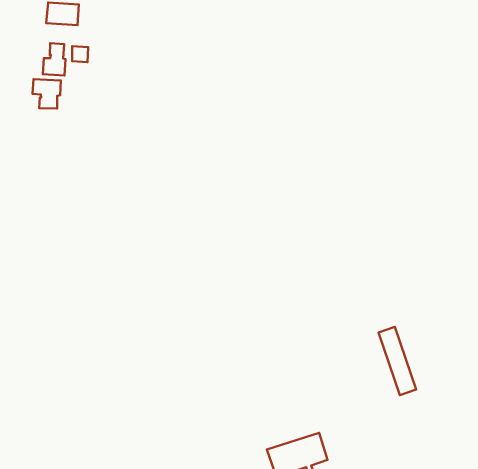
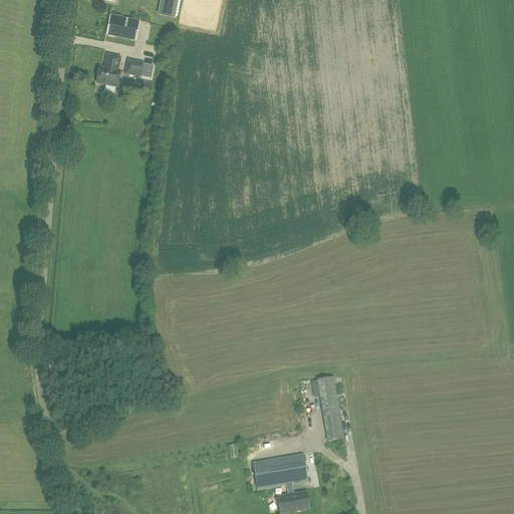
building: [33,79,61,109] -> none
building: [378,327,416,395] -> [316,375,343,440]

